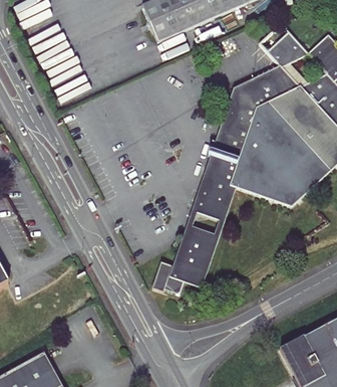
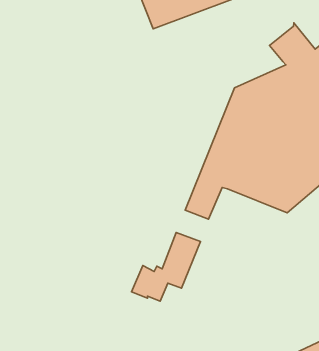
building: [174,65,282,288] -> none

